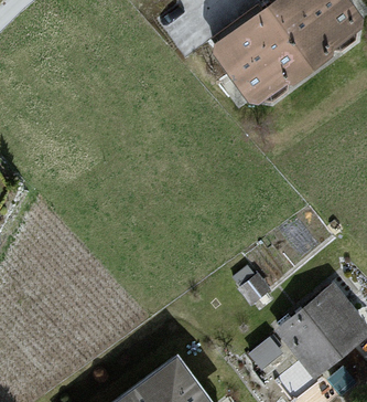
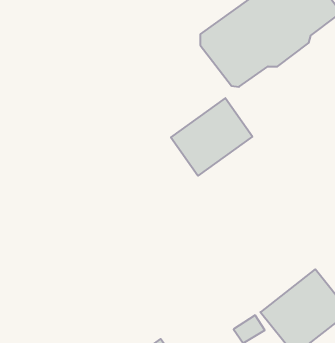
building: none -> [171,98,252,176]

